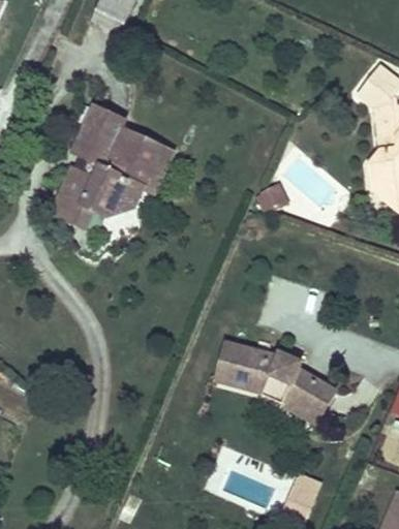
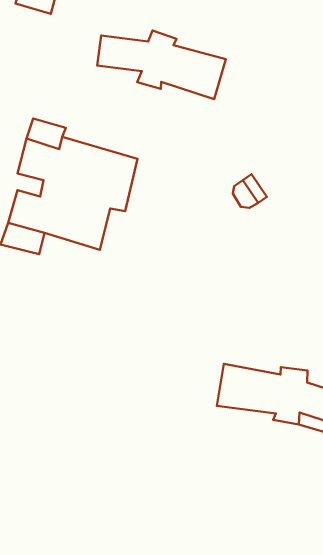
building: none -> [97,30,226,99]

